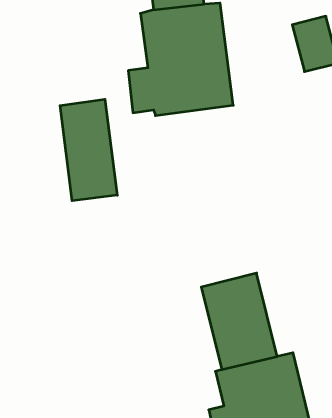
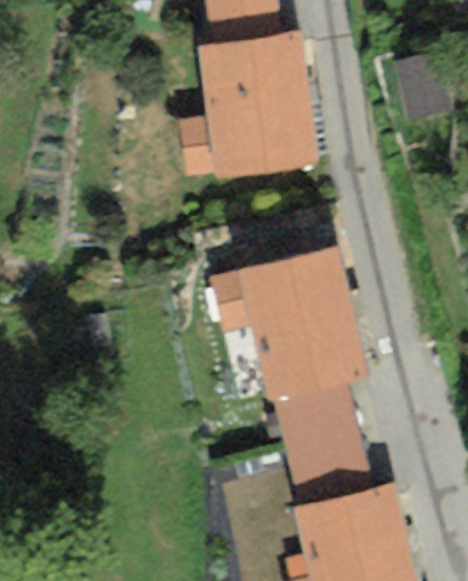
building: [60,99,117,201] -> none
building: none -> [212,247,367,400]

